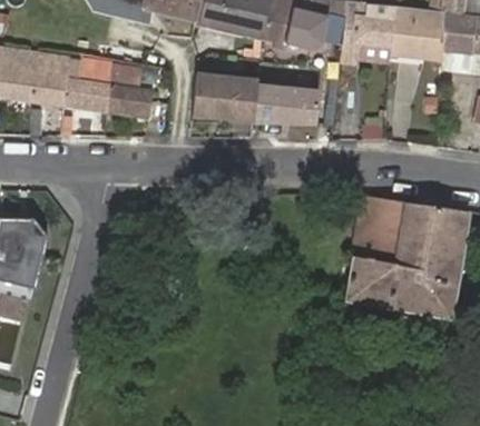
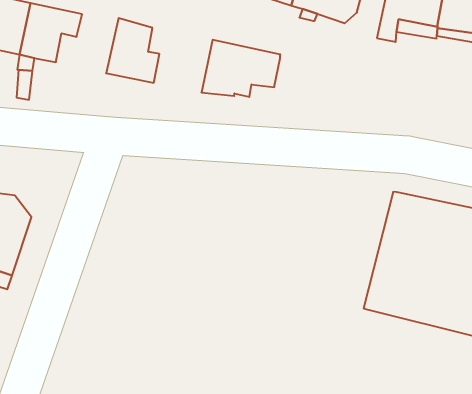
building: [61,53,114,109] -> none
building: [253,86,319,125] -> none

